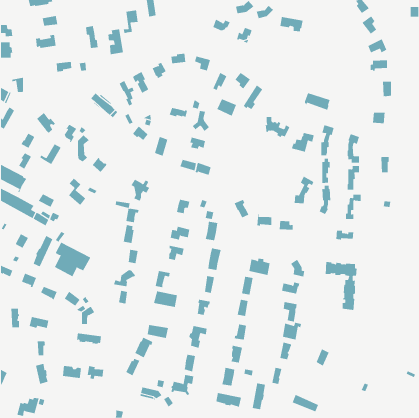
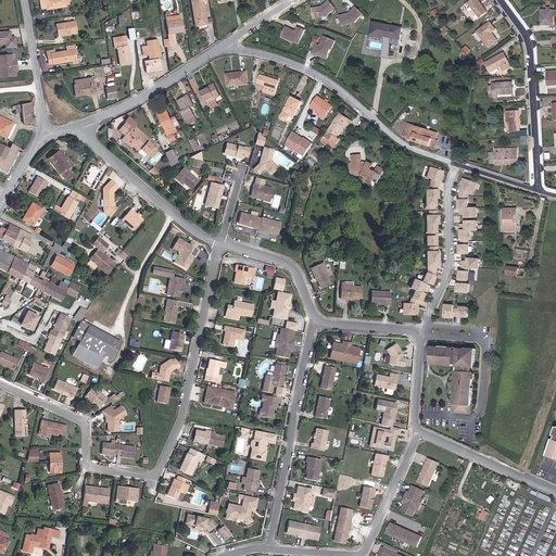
building: [291,132,315,152] -> none
building: [294,176,314,204] -> [402,279,429,316]
building: none -> [402,484,425,516]

